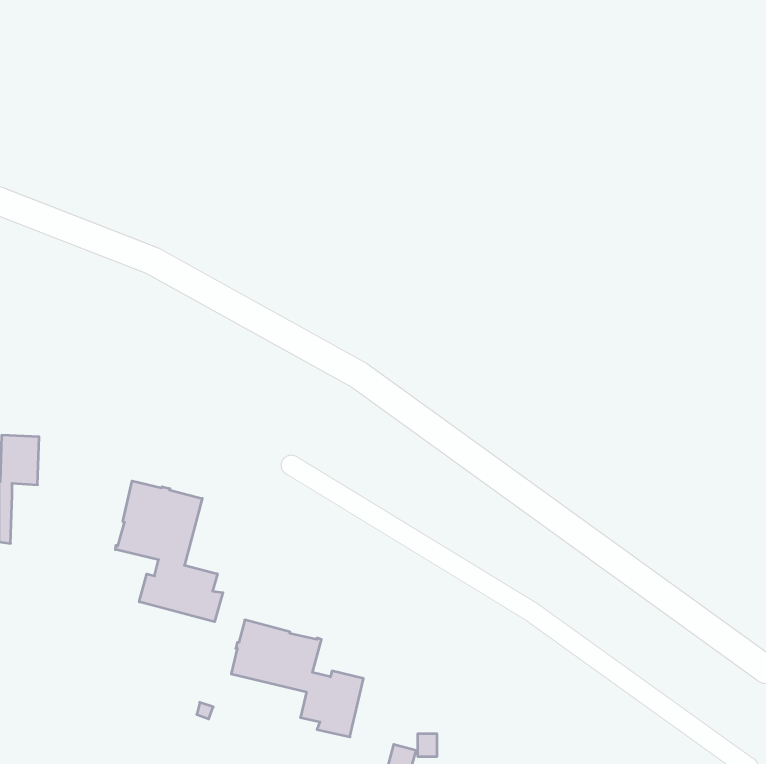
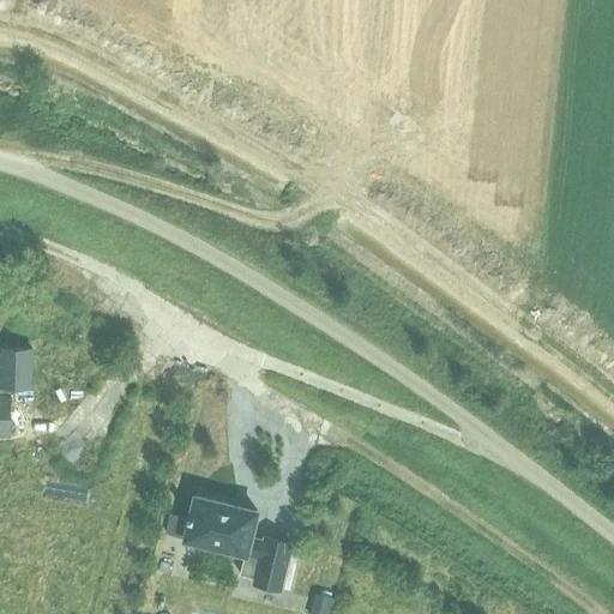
building: [115,481,223,622] -> none

